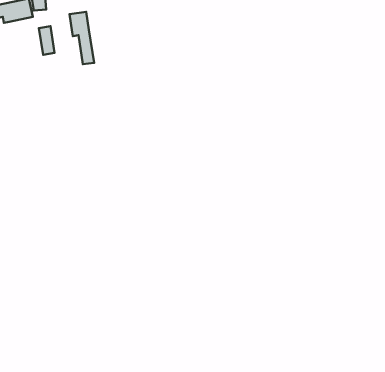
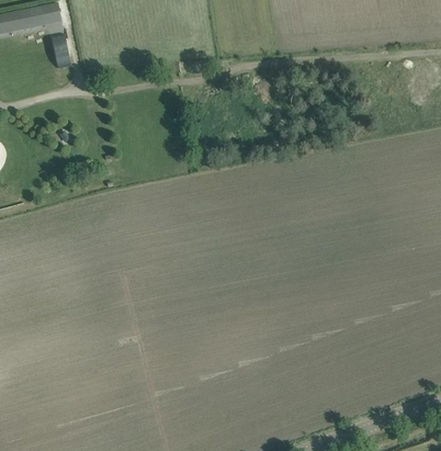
building: [70,12,94,64] -> none

